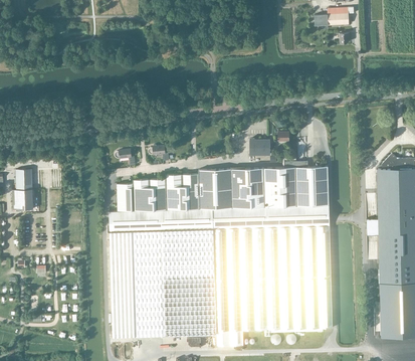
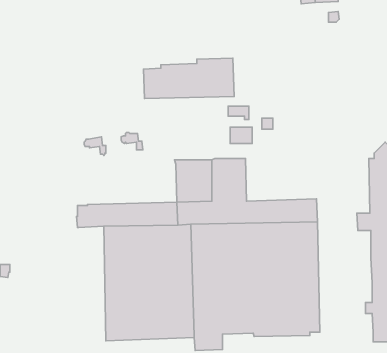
building: [263,162,329,208] -> none
building: [117,174,200,211] -> [143,58,234,99]
building: [110,231,135,337] -> none

